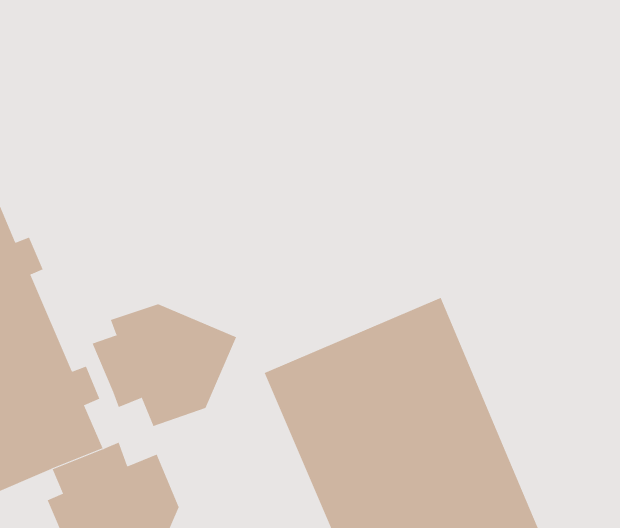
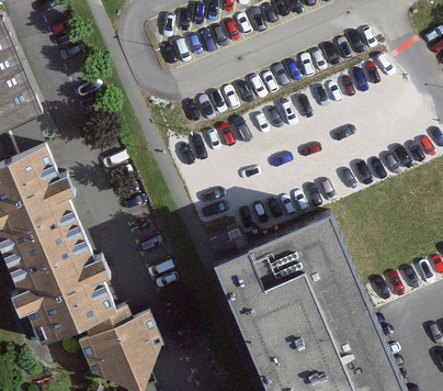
building: [92,303,237,427] -> none

